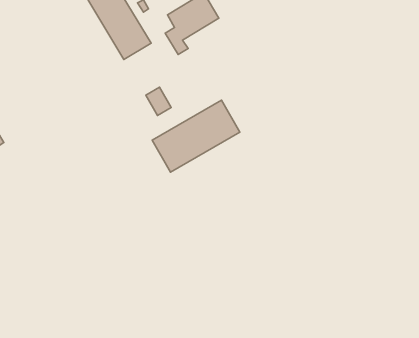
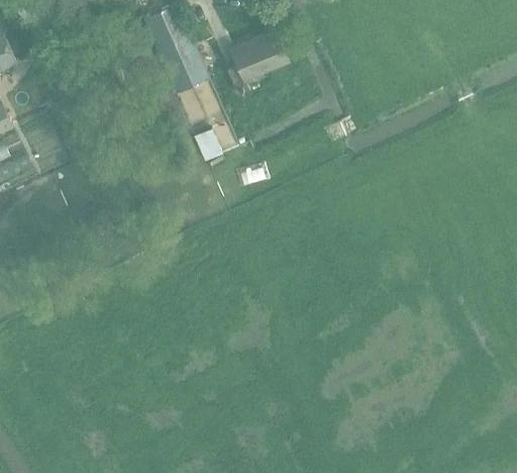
building: [152,100,240,172] -> none

